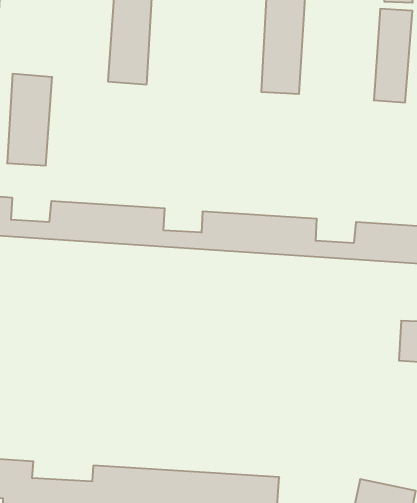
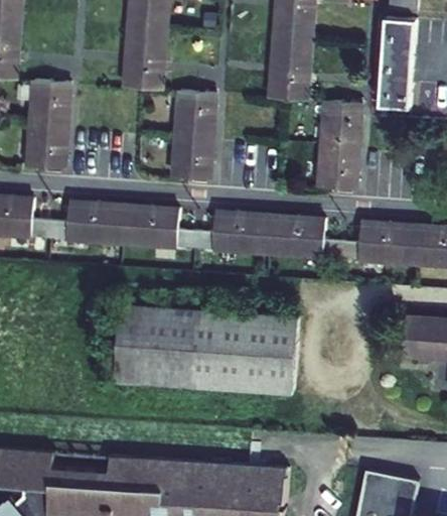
building: none -> [173,91,215,178]
building: none -> [318,102,360,189]
building: none -> [115,304,298,392]

